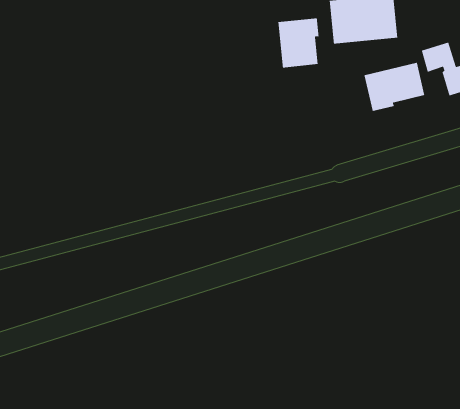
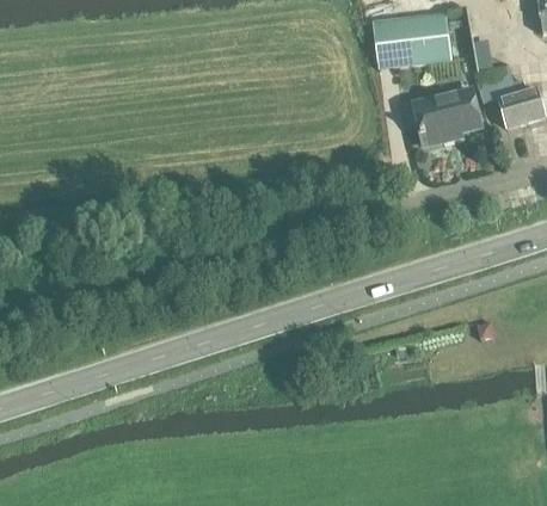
building: [277,18,320,68] -> none

